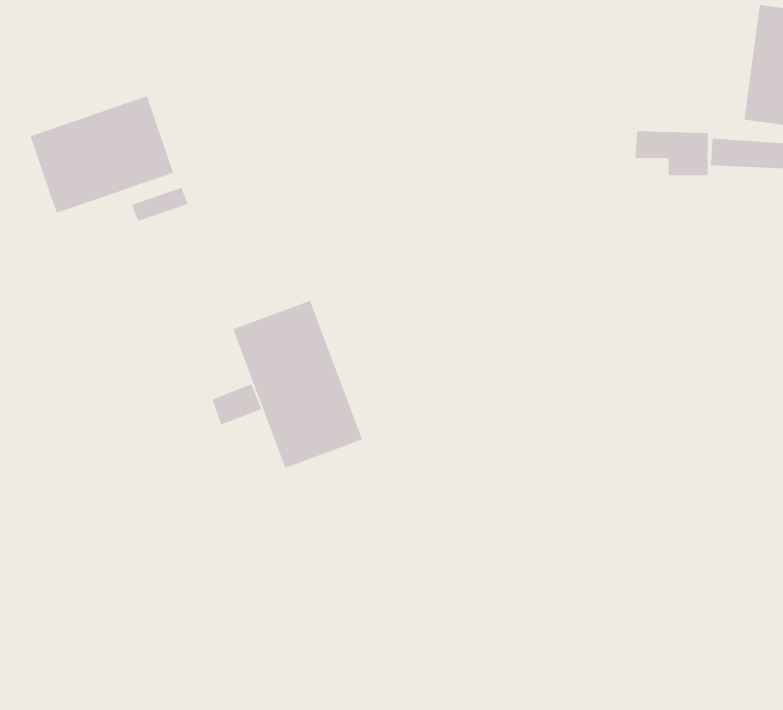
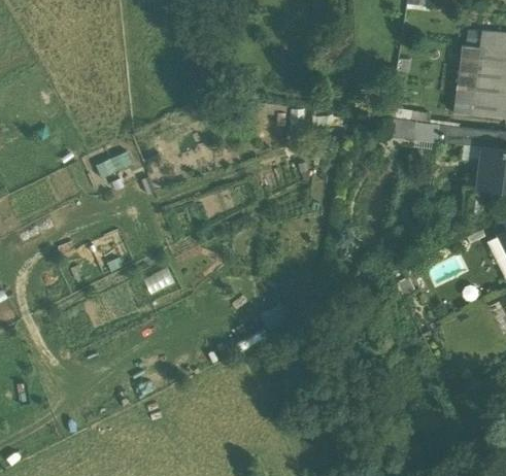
building: [30,95,174,214] -> none
building: [232,300,363,469] -> none

